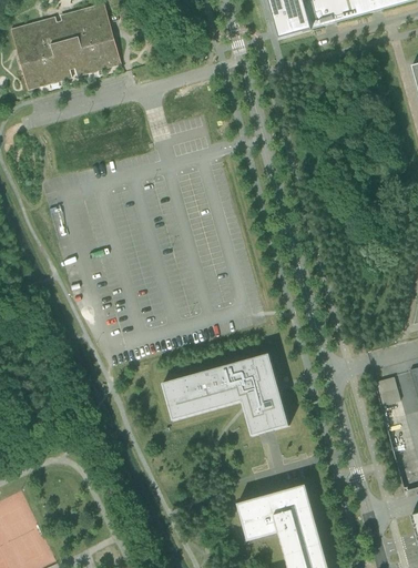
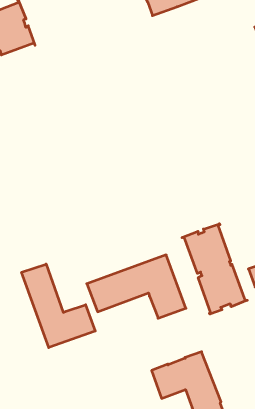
building: none -> [182,224,247,314]
building: none -> [22,264,95,348]

